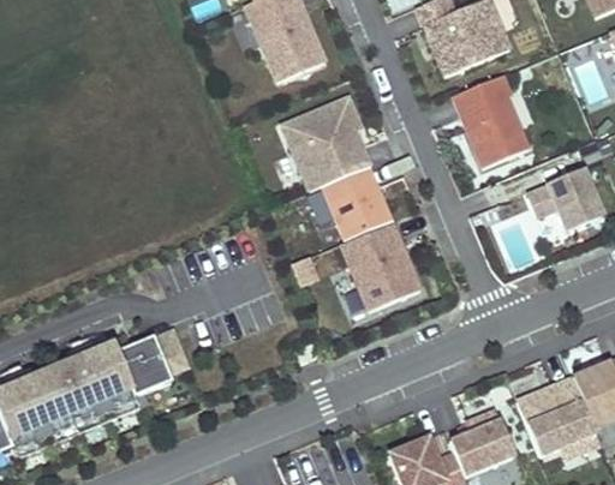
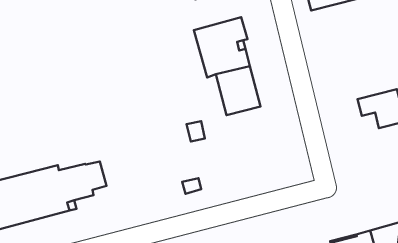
building: [453,73,527,164] -> none
building: [340,220,419,309] -> none

